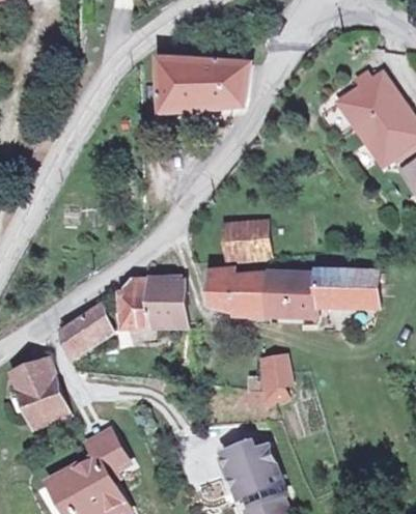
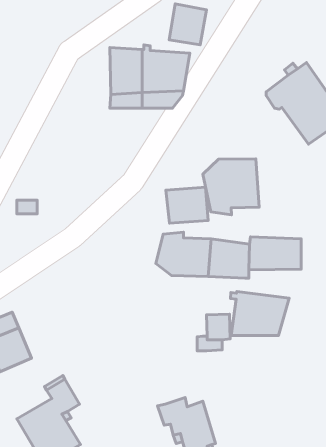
building: none -> [169,4,206,45]
building: none -> [203,159,259,215]
building: [126,277,189,327] -> none
building: [62,309,121,353] -> none
building: none -> [231,291,289,336]

